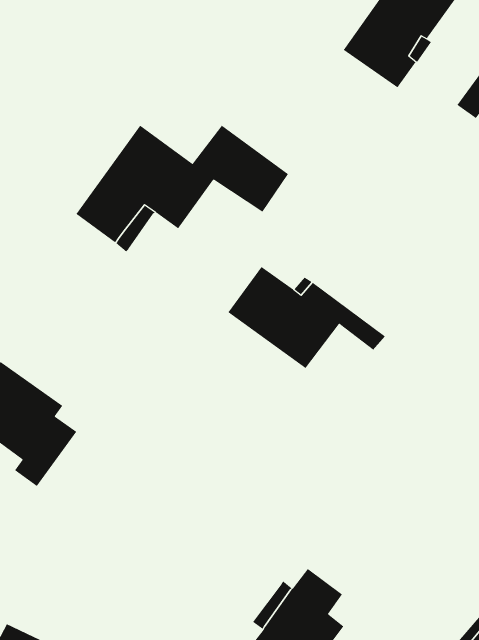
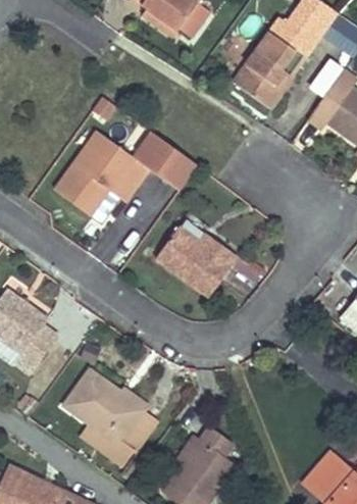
building: none -> [62,369,154,451]

